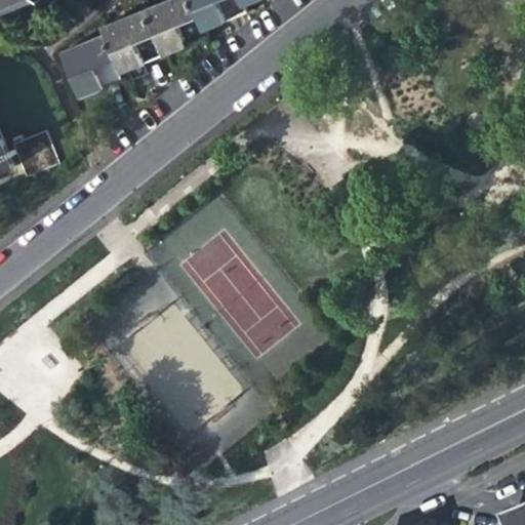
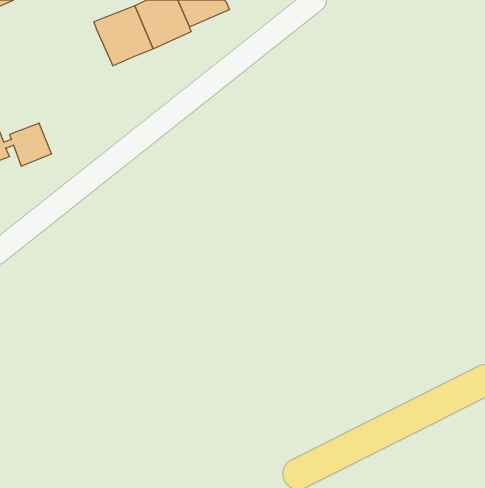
building: [63,32,123,94] -> none

